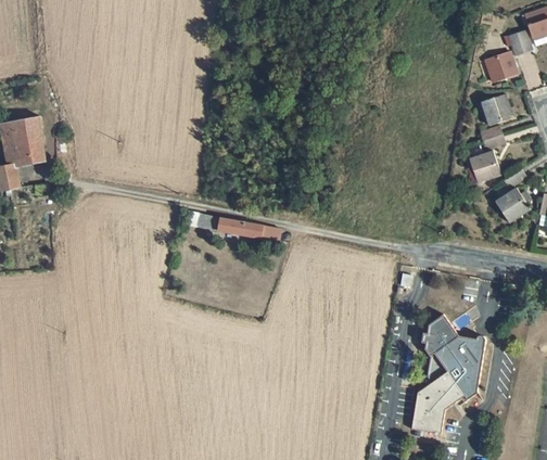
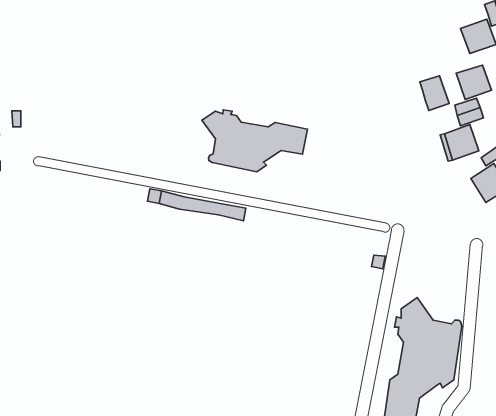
building: none -> [420,76,449,111]
building: none -> [202,110,308,172]

